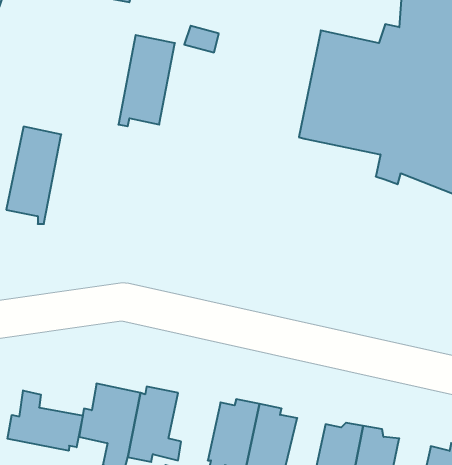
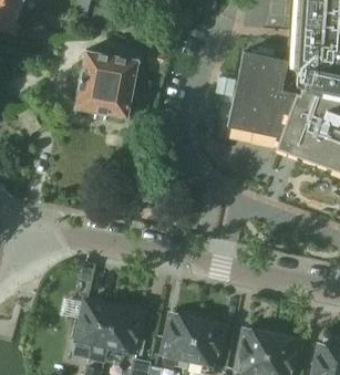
building: [6,127,61,224] -> [73,50,112,118]
building: [7,390,83,451] -> none

